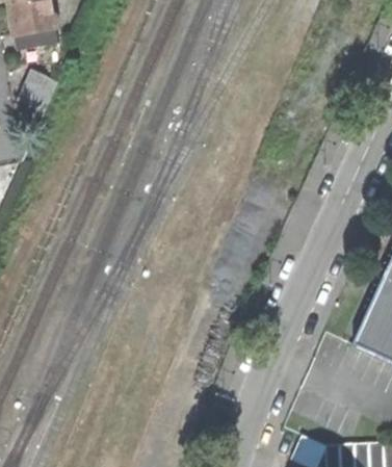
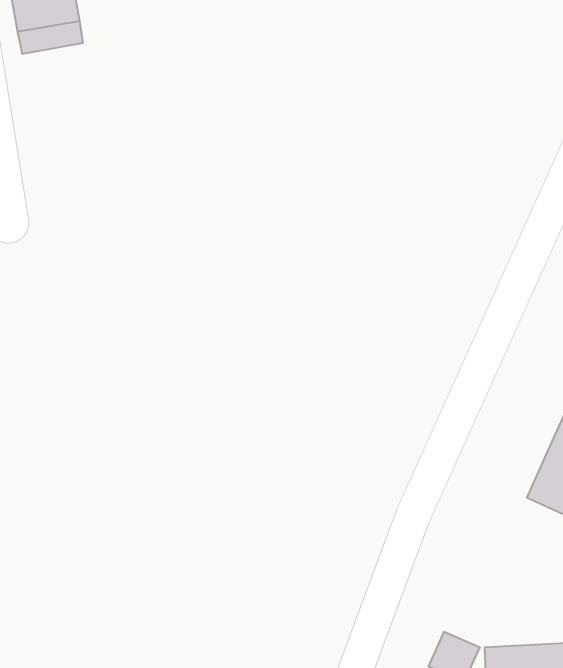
building: [17,67,57,109] -> none

